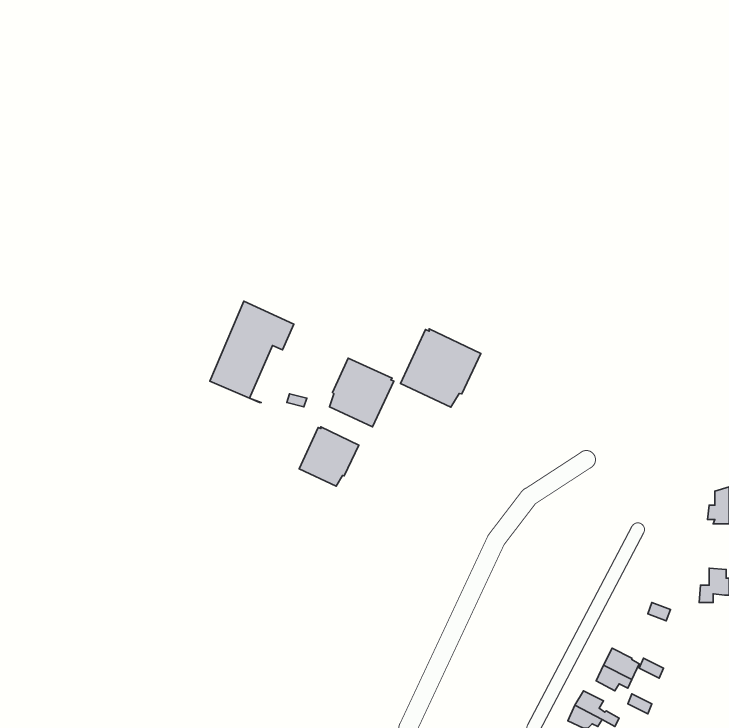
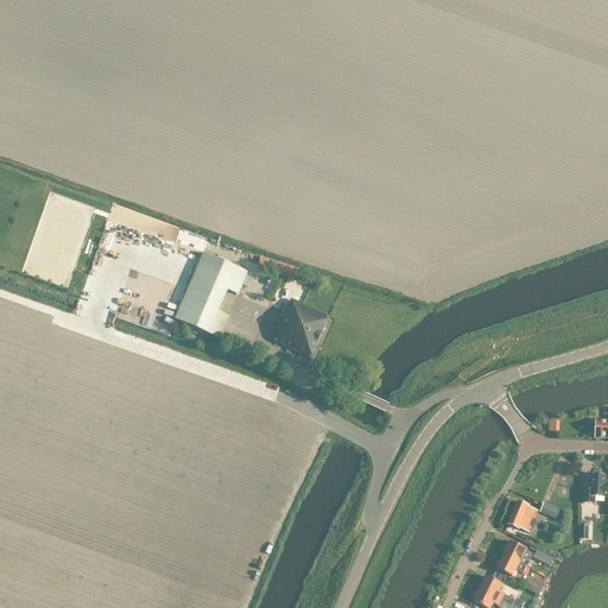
building: [401,329,481,407] -> none
building: [299,427,359,486] -> none
building: none -> [507,499,537,530]

